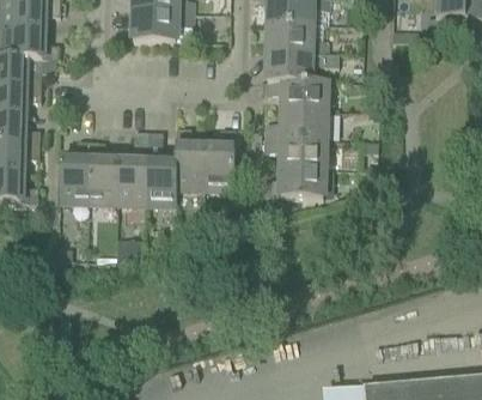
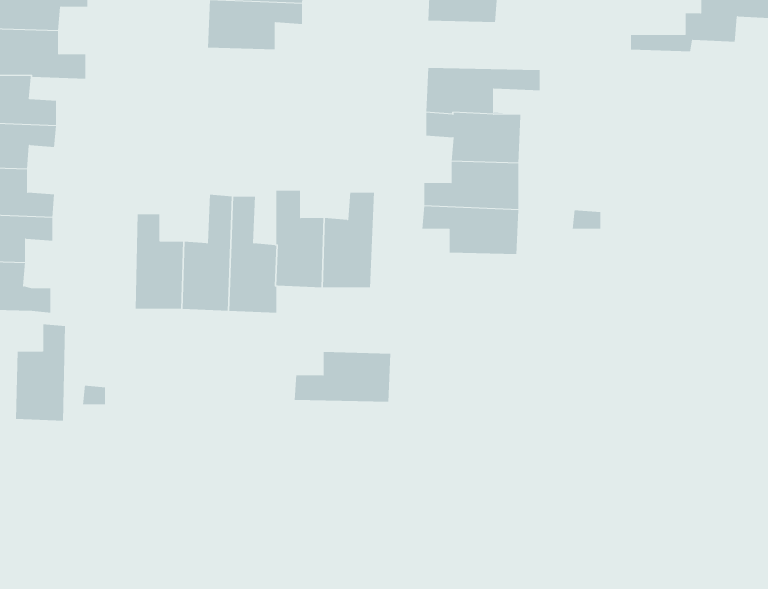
building: [268,23,327,53] -> none
building: [59,140,90,200] -> [15,324,66,421]
building: [263,165,323,196] -> [294,351,391,402]

